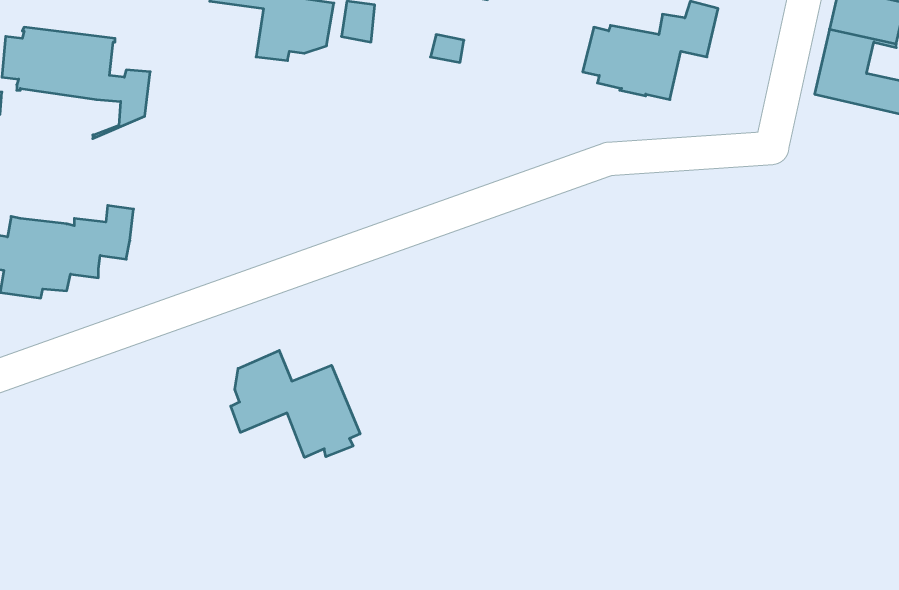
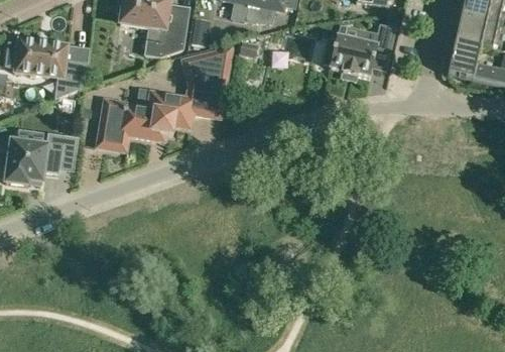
building: none -> [97,45,233,150]
building: [231,350,360,457] -> none

